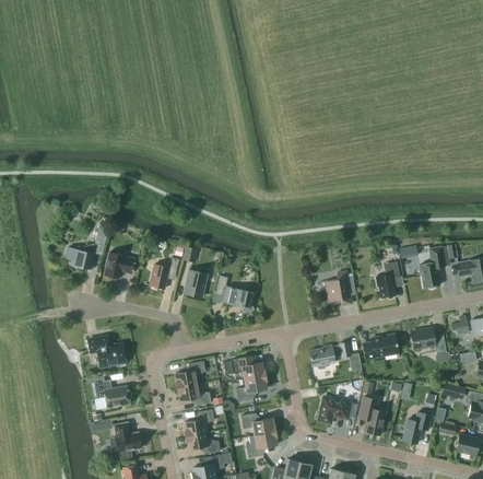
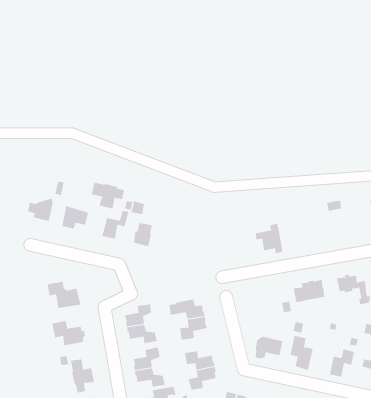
building: none -> [91,182,125,209]
building: [420,247,444,289] -> none
building: [375,261,399,297] -> none
building: [216,276,254,313] -> none
building: [308,341,350,370] -> none

